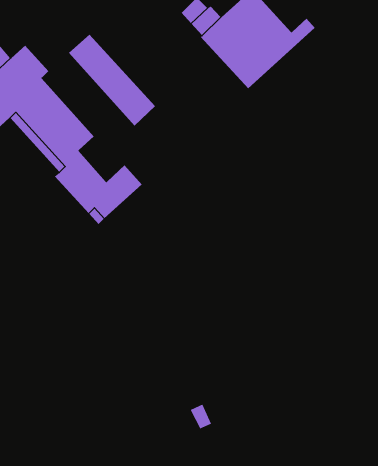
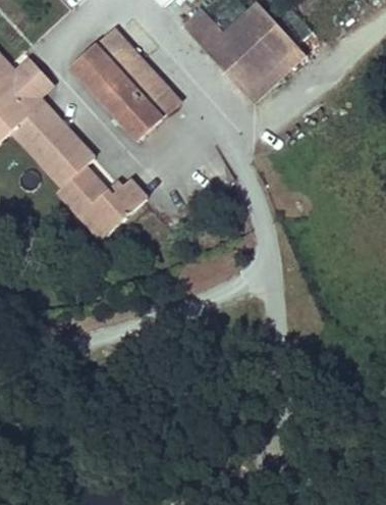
building: none -> [93,30,179,120]

